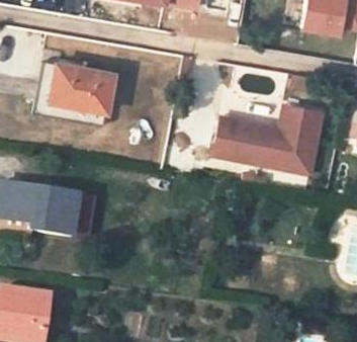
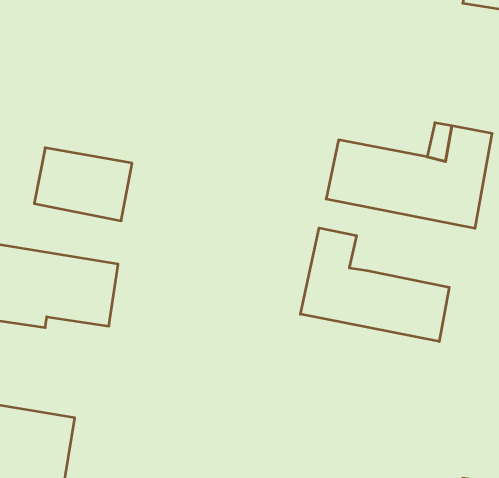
building: [50,63,113,110] -> [34,148,132,221]
building: none -> [300,228,449,342]

